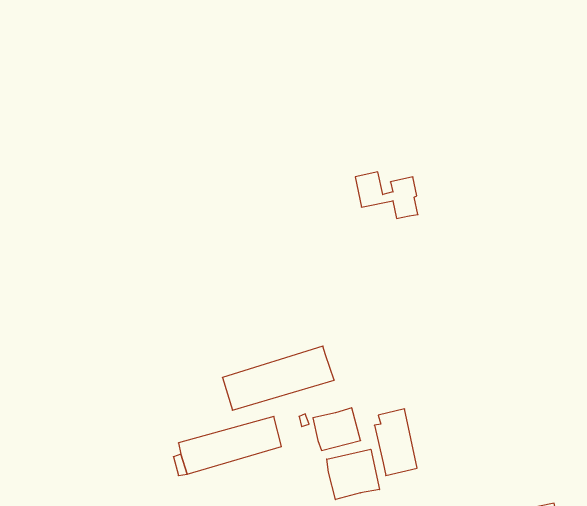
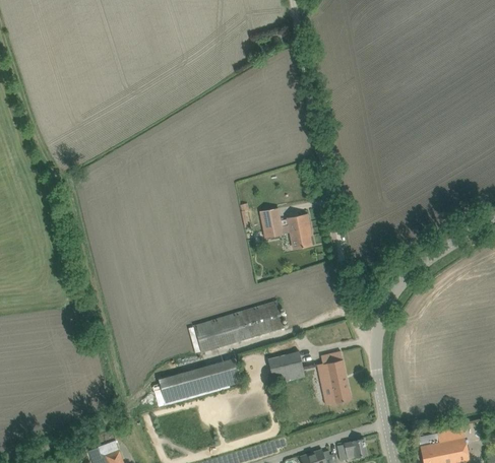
building: [355,172,418,218] -> [259,210,310,248]
building: [327,449,379,500] -> none

